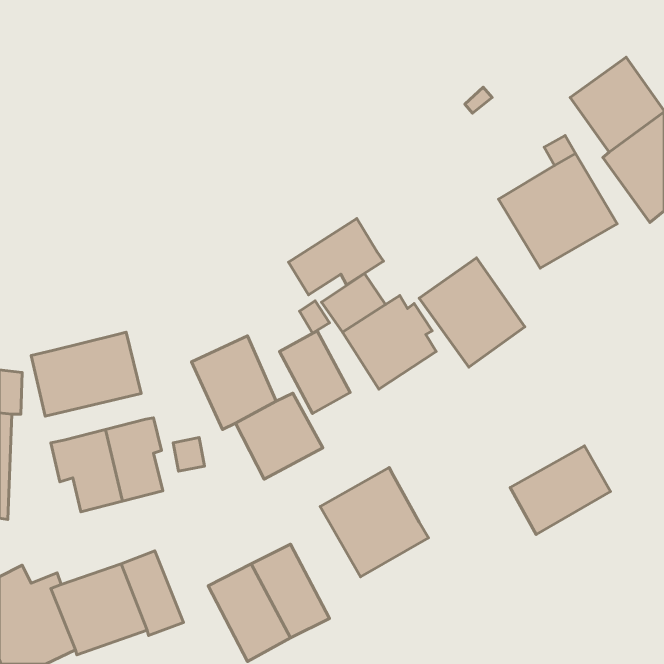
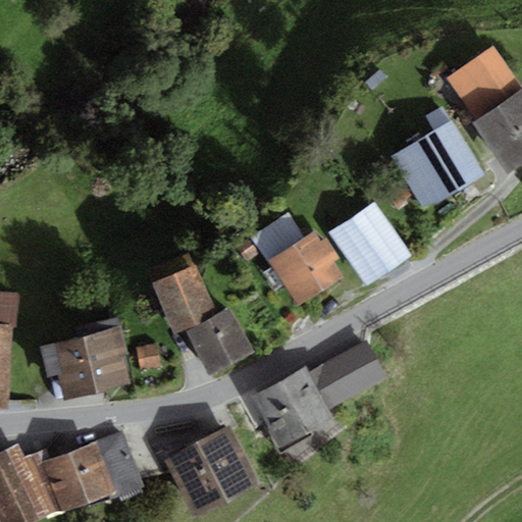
building: [288,219,384,295] -> none
building: [280,331,350,413] -> none
building: [31,332,141,416] -> none
building: [510,446,610,534] -> [308,340,386,409]

